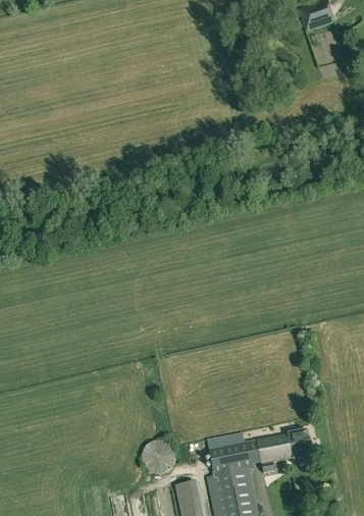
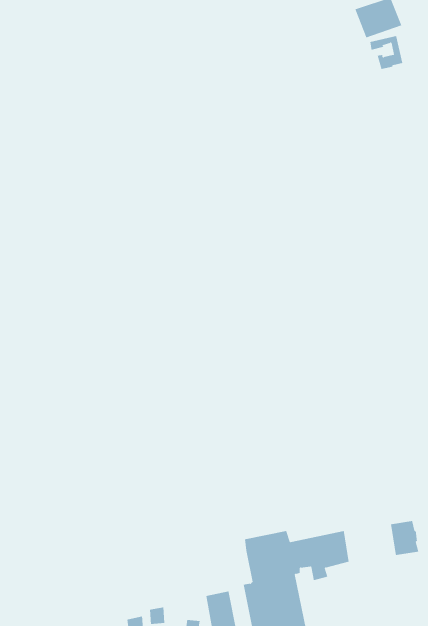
building: [289,430,312,459] -> [390,521,419,556]
building: [142,441,175,474] -> none

